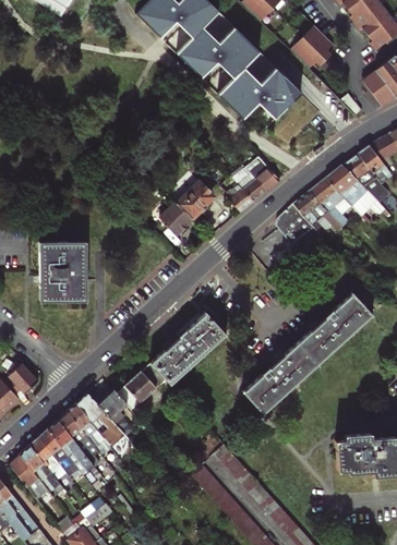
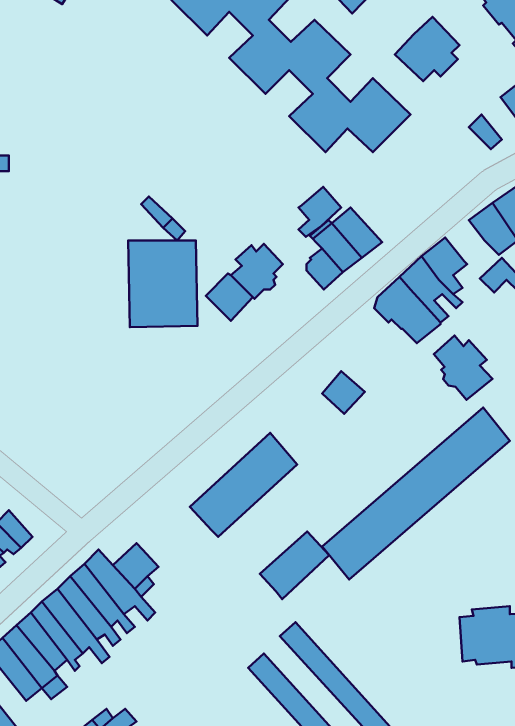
building: none -> [298,187,341,237]
building: [326,166,365,206] -> none
building: [257,238,287,267] -> [322,371,365,414]
building: [41,242,89,302] -> [128,241,198,327]
building: none -> [434,335,492,400]
building: [117,364,165,411] -> [260,531,329,599]

